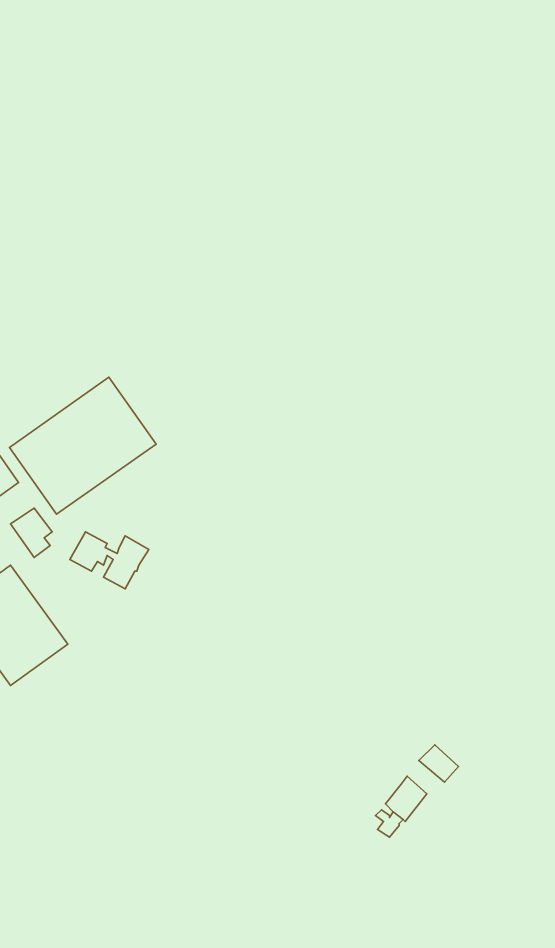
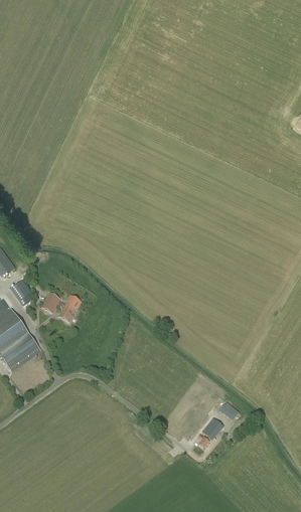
building: [9,377,156,514] -> none

